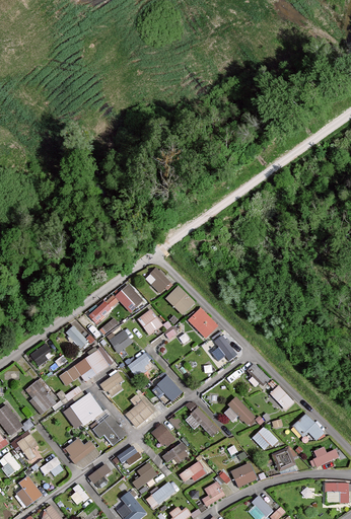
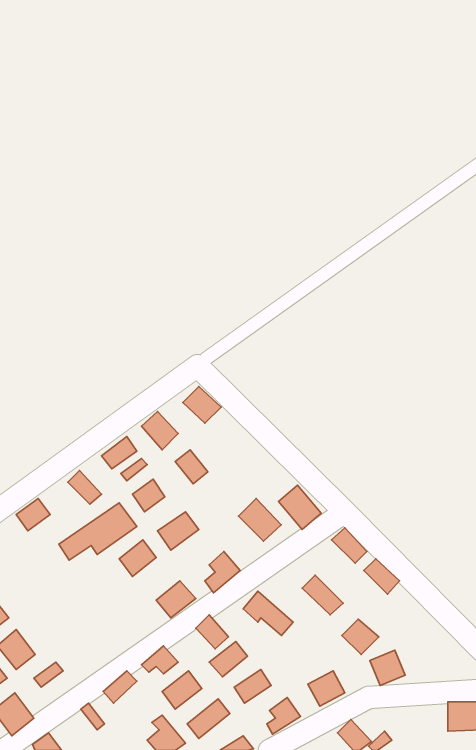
building: [163,285,193,314] -> none
building: [189,308,218,338] -> [239,498,281,541]
building: [24,381,56,414] -> none
building: [71,394,102,426] -> none
building: [292,414,323,444] -> none
building: [92,416,125,445] -> none
building: [66,438,99,467] -> none
building: [308,445,340,469] -> none

